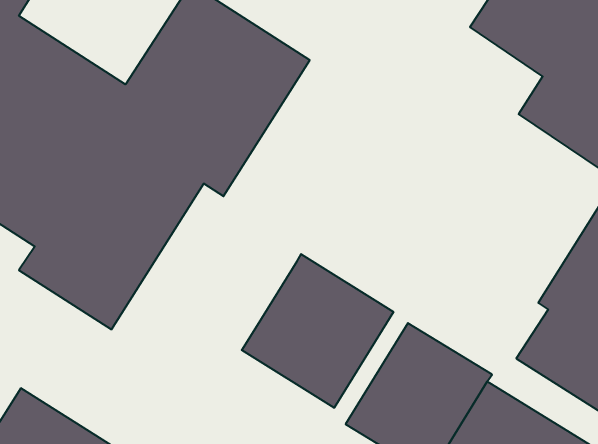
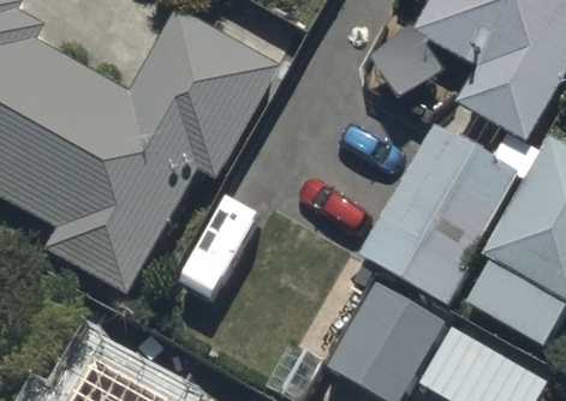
building: none -> [359,126,516,301]
building: [242,254,393,408] -> none

